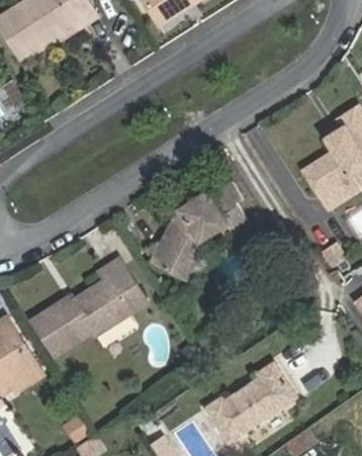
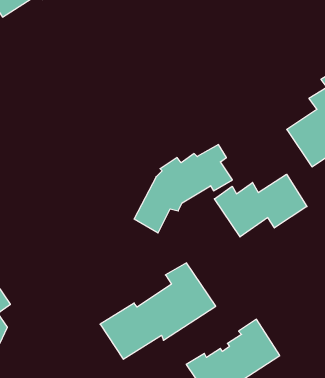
building: none -> [214,174,307,237]
building: [32,258,149,355] -> [100,263,216,359]

